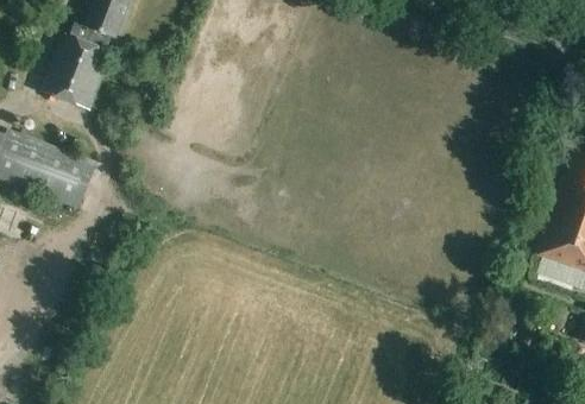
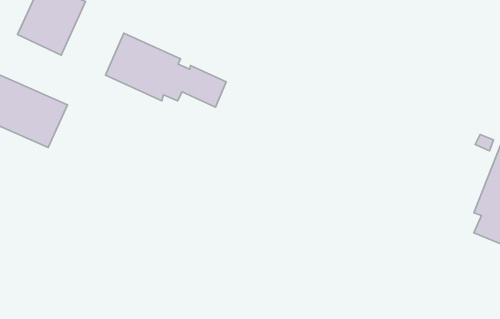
building: none -> [105,33,226,107]

